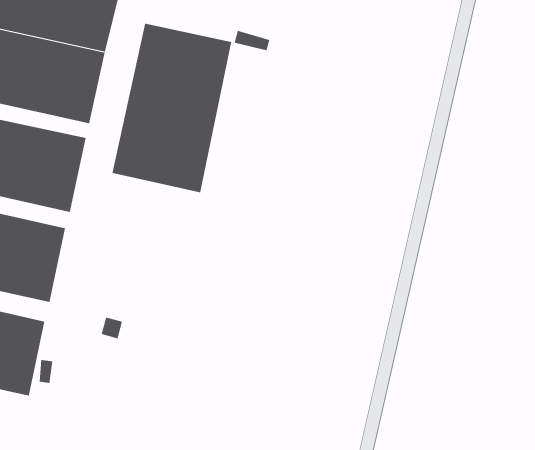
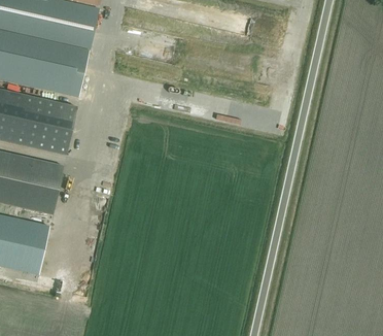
building: [112,23,232,193] -> none

